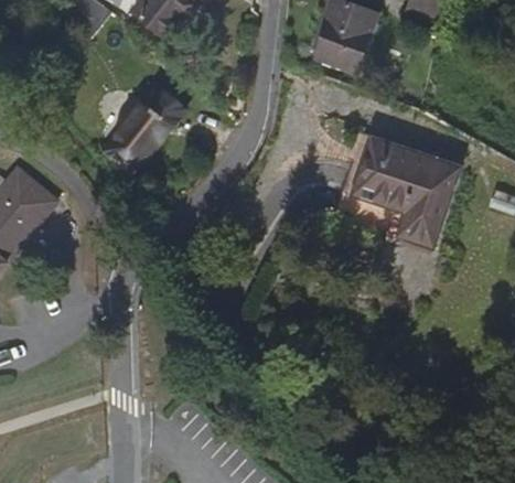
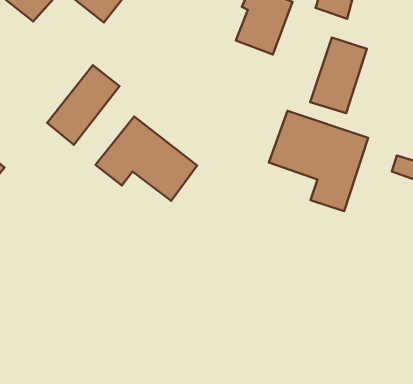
building: none -> [310,37,367,113]
building: none -> [96,116,197,201]

